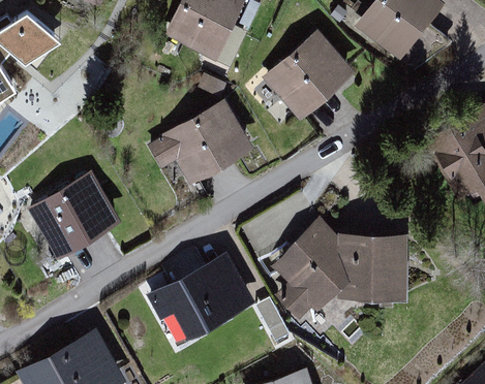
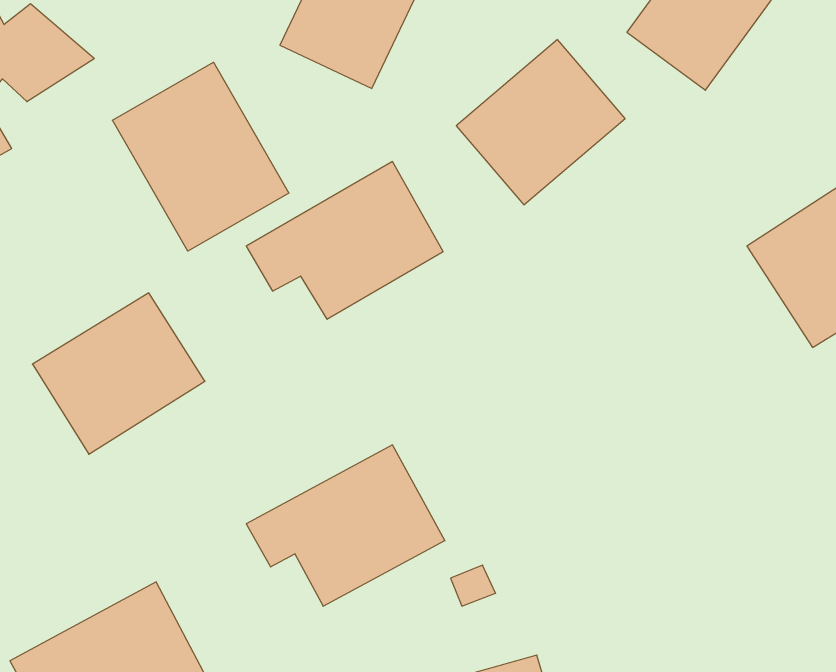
building: none -> [112,62,289,251]
building: [270,221,410,329] -> none

